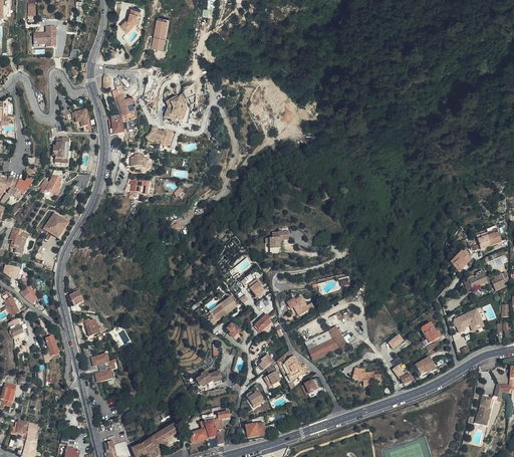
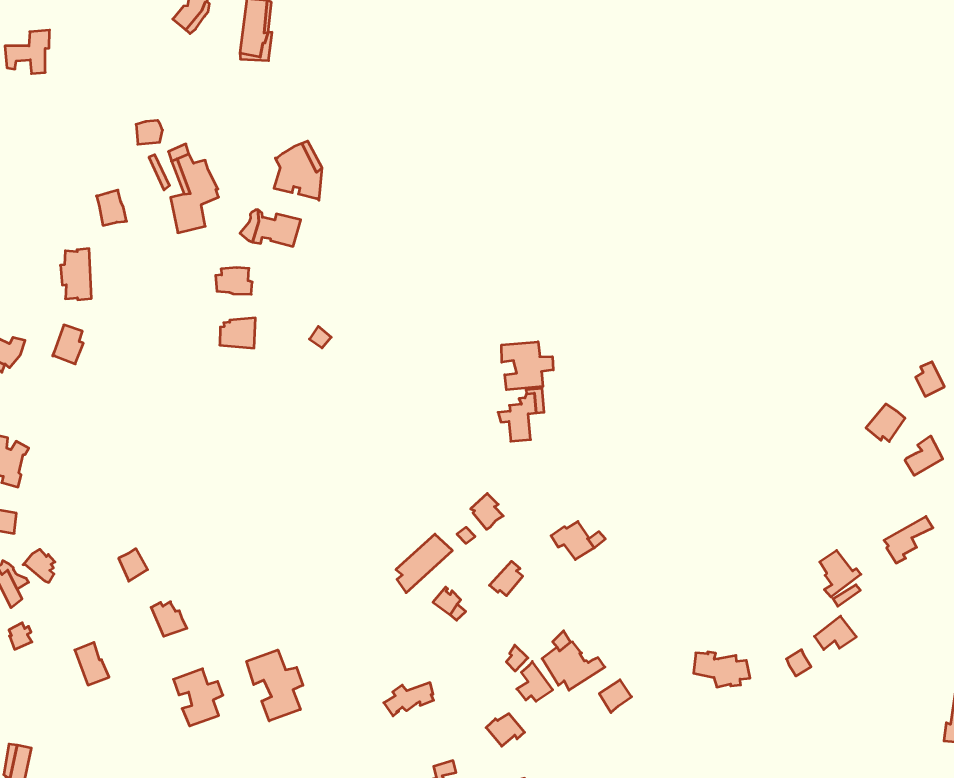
building: none -> [502,342,553,390]
building: [44,210,71,238] -> none
building: [304,331,337,359] -> none
building: none -> [247,650,303,721]

